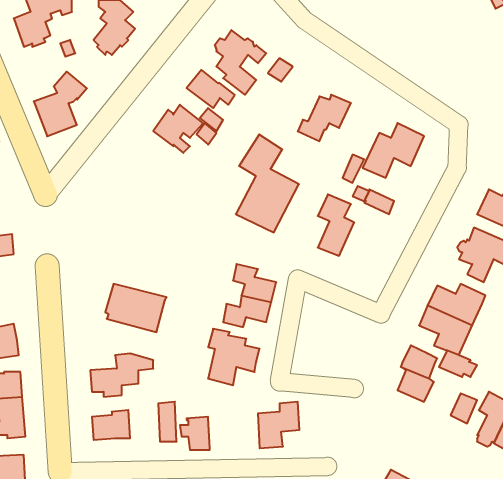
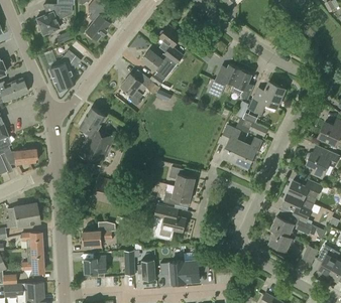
building: none -> [231,69,254,100]
building: [236,134,299,232] -> [78,108,116,167]
building: none -> [234,137,262,168]
building: none -> [160,258,186,280]

